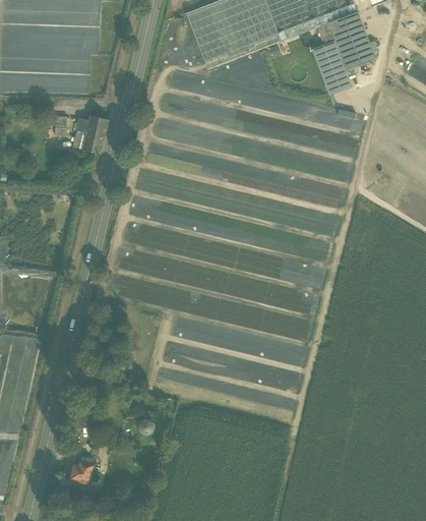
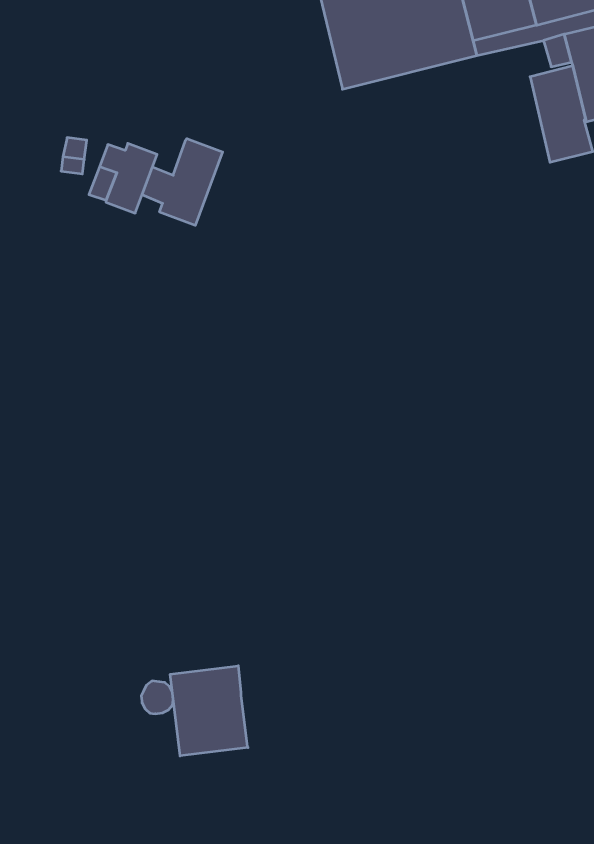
building: none -> [142,139,223,225]
building: none -> [170,666,248,756]
building: [69,460,98,481] -> none

